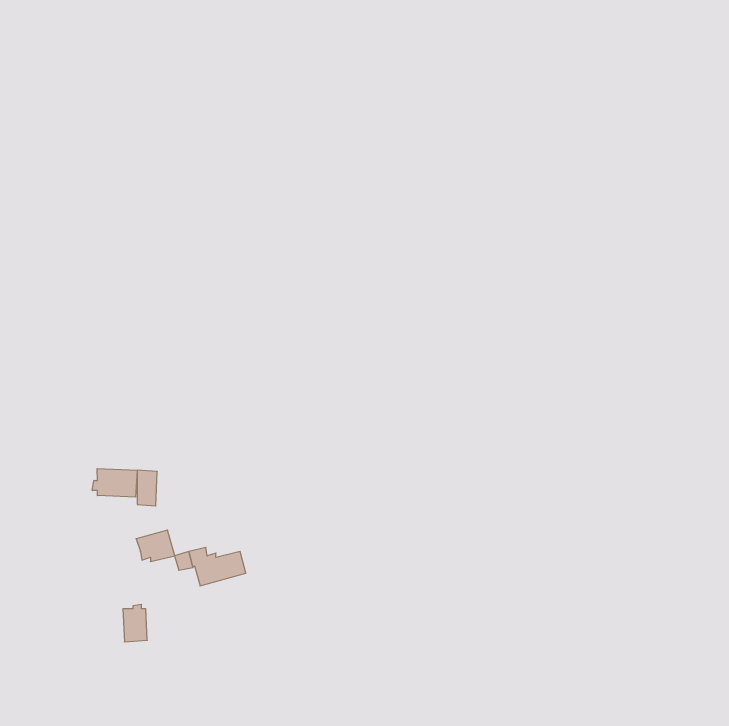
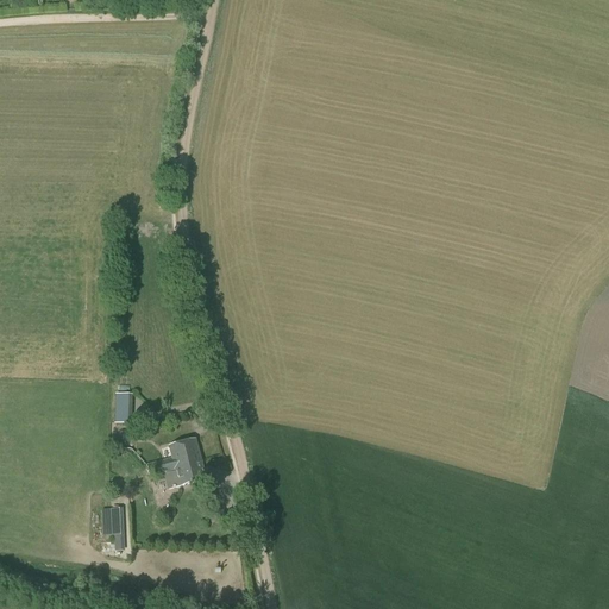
building: [92,469,137,497] -> none
building: [136,530,175,562] -> [168,438,200,464]

